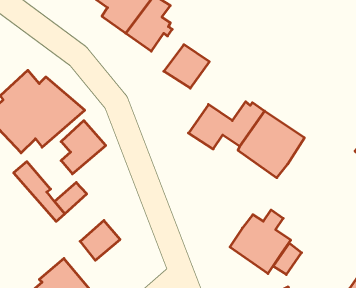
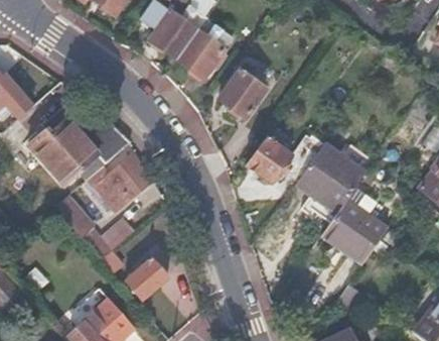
building: [230,210,291,274] -> [322,195,387,262]

